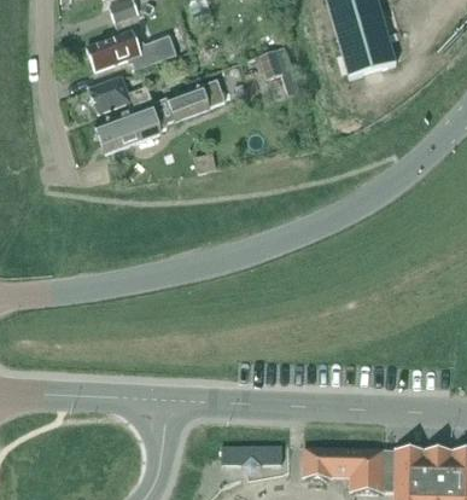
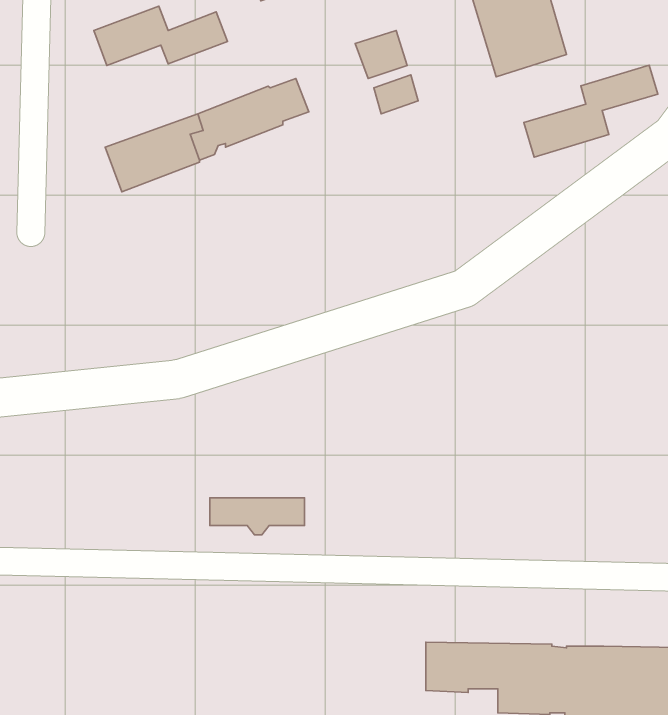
building: none -> [524,65,658,157]
building: [87,77,151,115] -> none
building: [220,447,281,471] -> [210,498,304,535]

